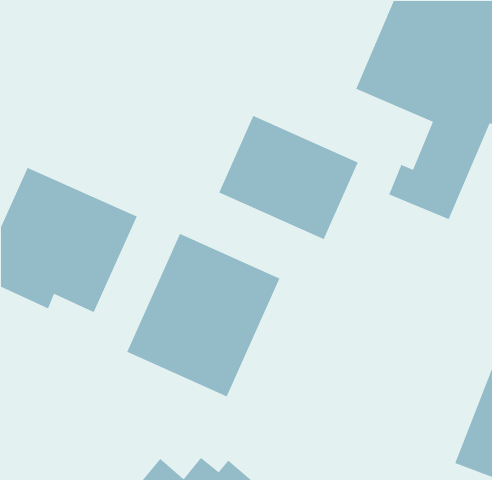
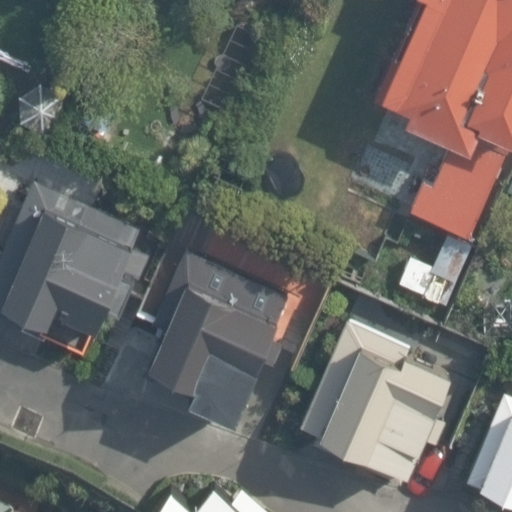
building: [218,115,359,240] -> none
building: none -> [302,324,465,468]

